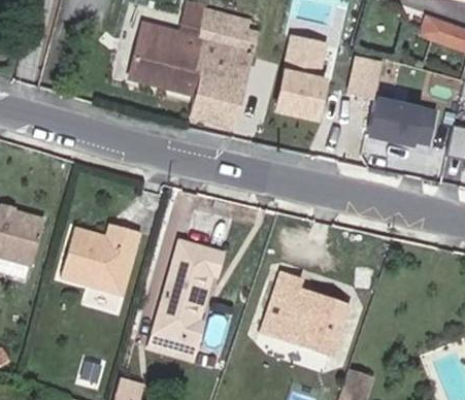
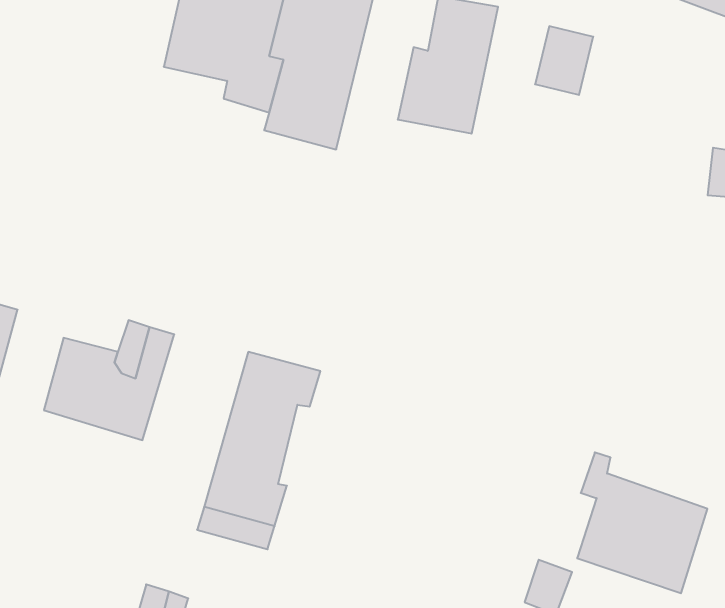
building: [366,97,440,149] -> none
building: [272,274,348,357] -> [577,452,707,593]

